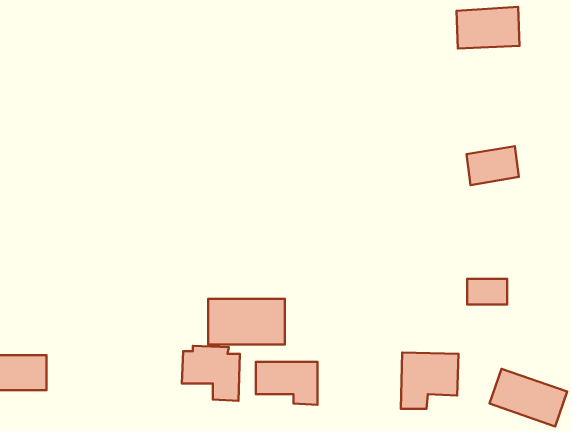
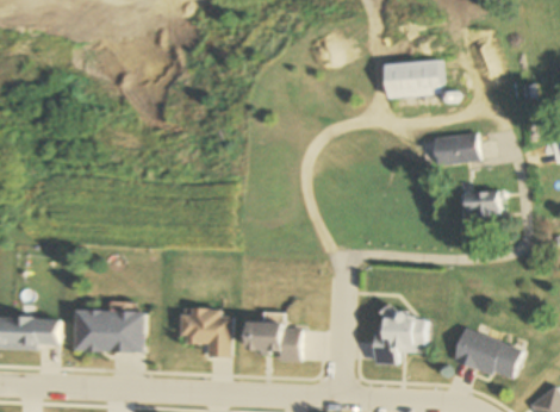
building: [457,7,520,48] -> [386,60,442,96]
building: [467,279,507,304] -> [465,192,500,214]
building: [208,299,285,344] -> [76,311,144,351]

